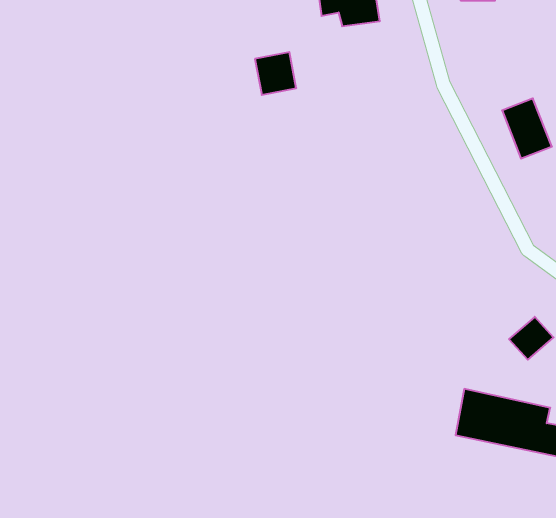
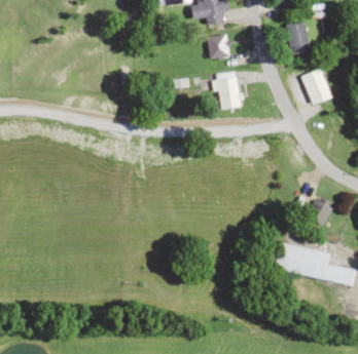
building: none -> [285,21,309,54]
building: [255,52,296,95] -> [206,34,230,60]
building: none -> [217,73,239,108]

